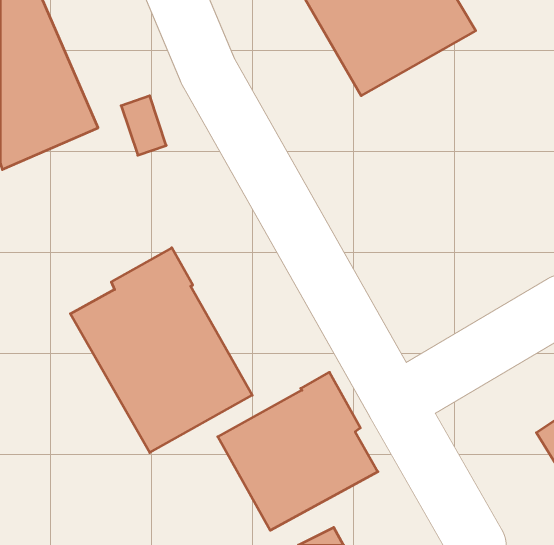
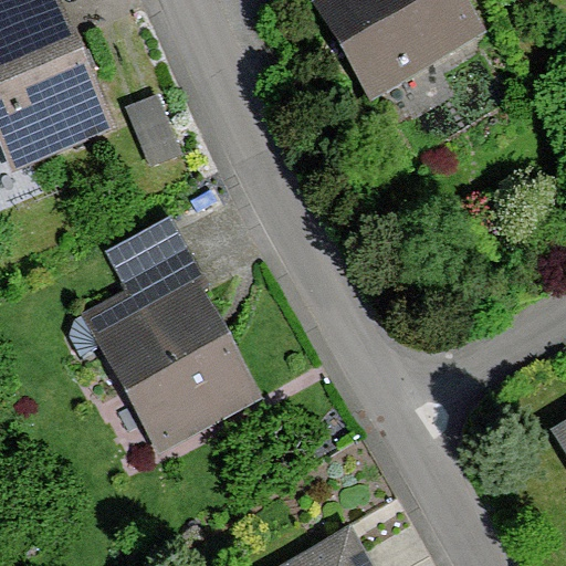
building: [218,372,378,530] -> none

